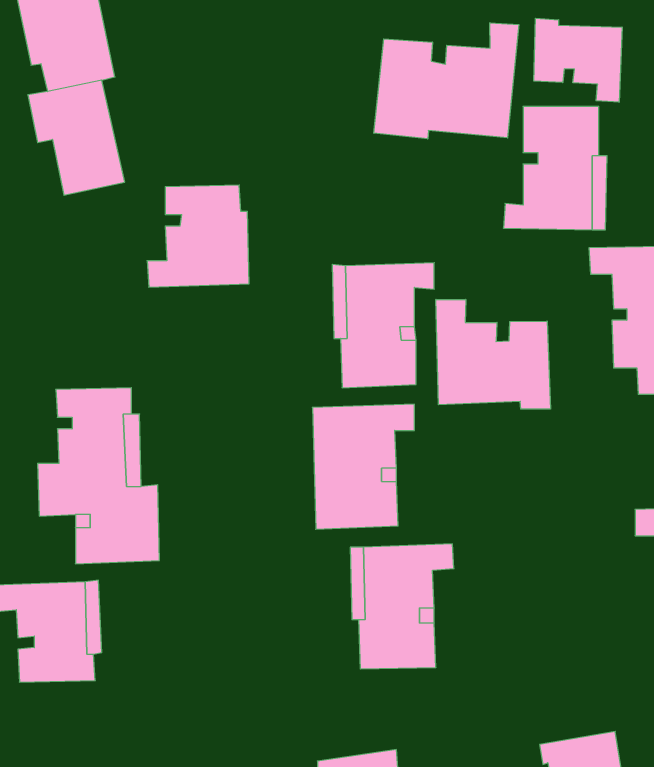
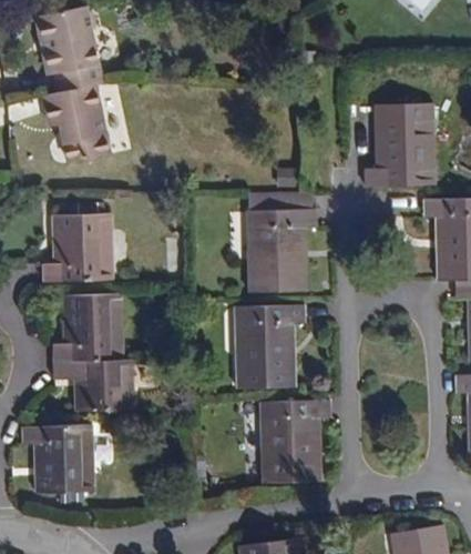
building: [534,18,622,102] -> none
building: [374,23,519,139] -> none
building: [147,185,249,287] -> [42,213,111,282]
building: [436,299,550,409] -> none

